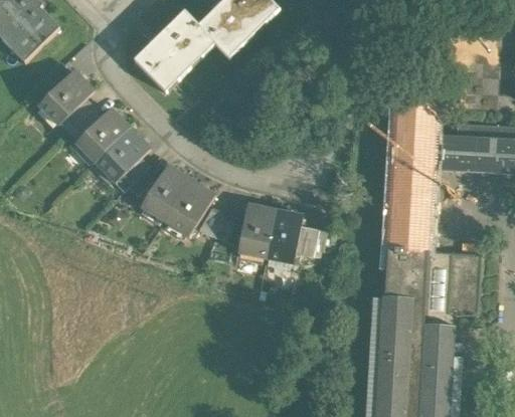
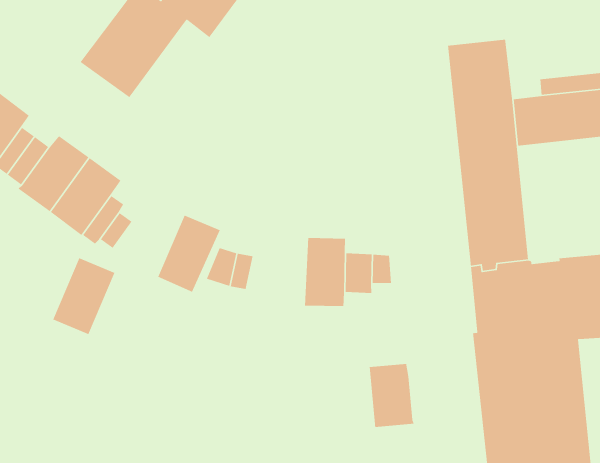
building: [139,164,189,220] -> [52,257,116,335]
building: [236,203,274,257] -> none
building: none -> [369,363,415,428]

